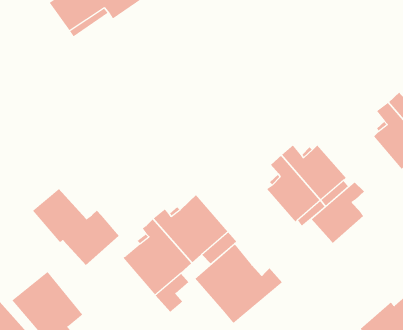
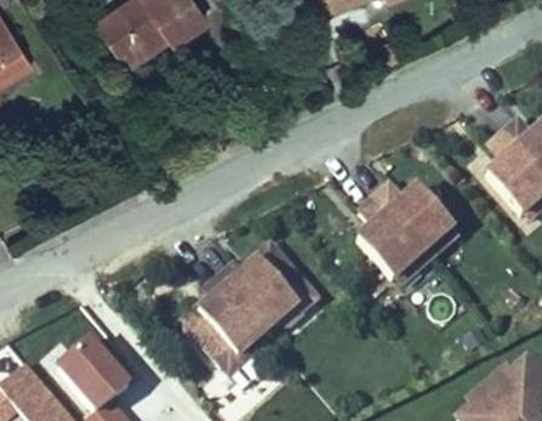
building: [311,181,365,244] -> none
building: [32,188,120,266] -> none
building: [194,243,283,324] -> none

